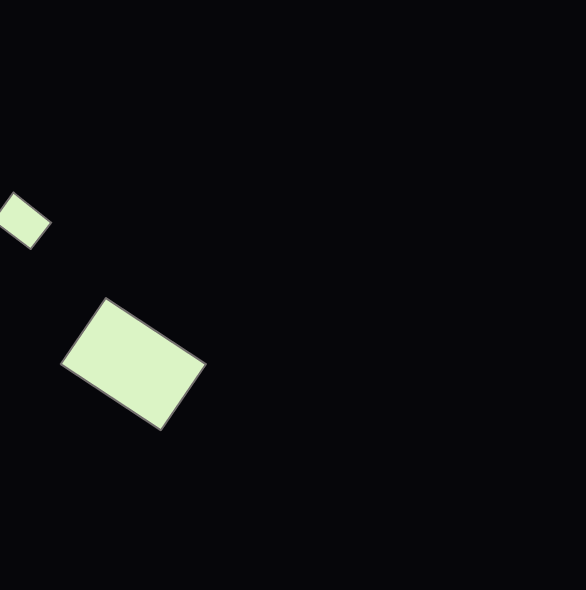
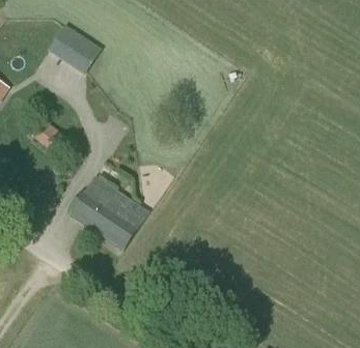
building: none -> [49,23,103,75]

